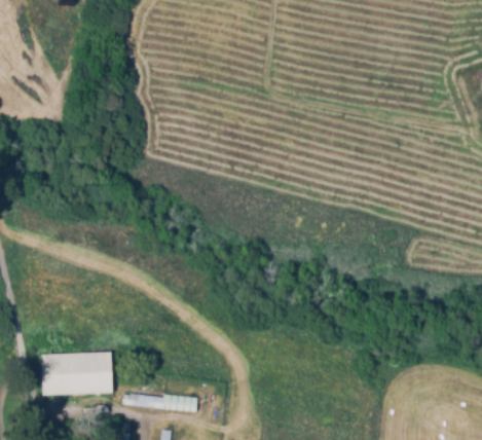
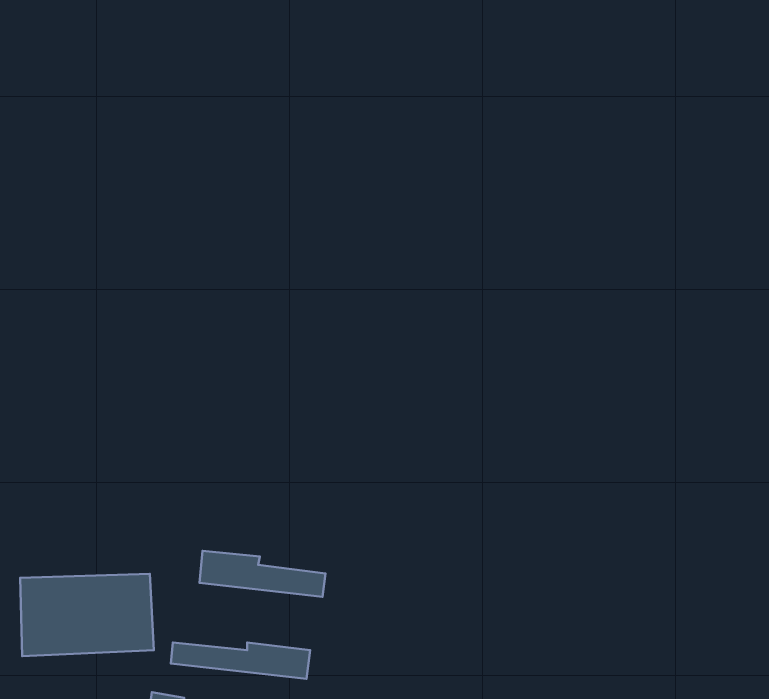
building: none -> [200,551,326,597]

